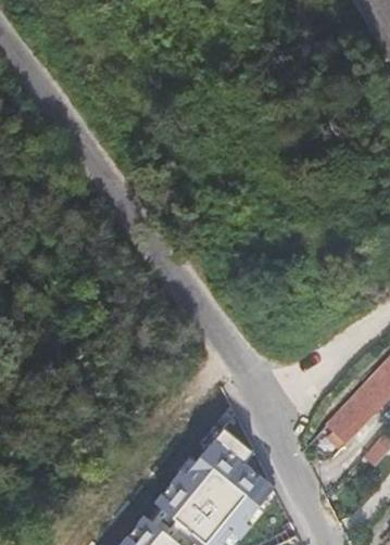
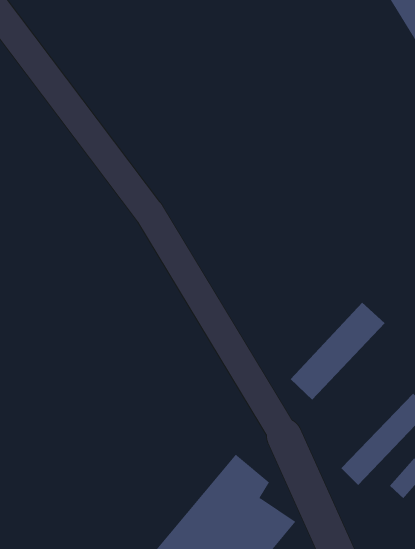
building: none -> [290,302,386,400]

